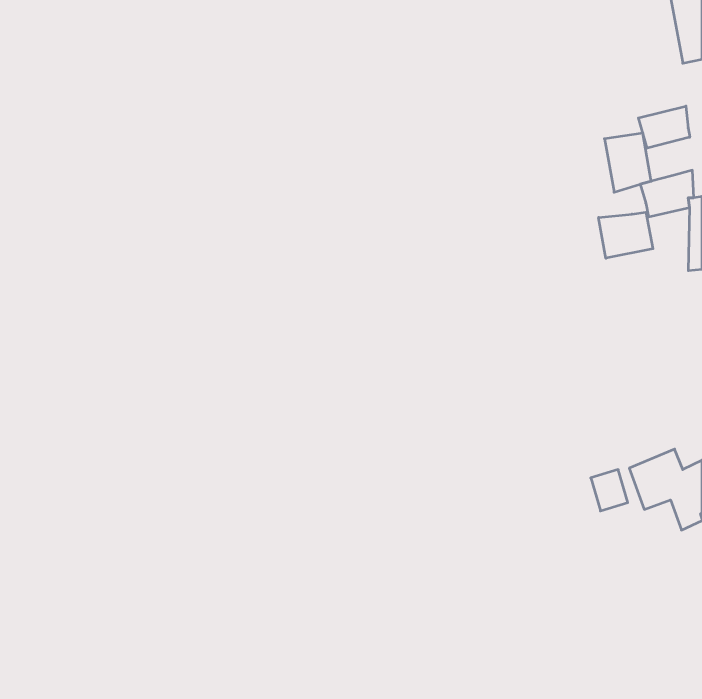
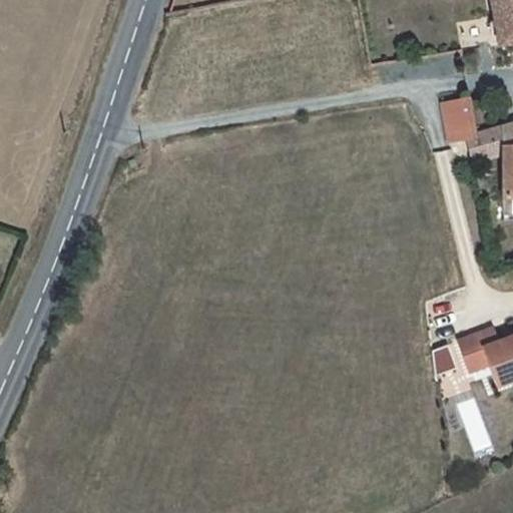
building: [638,106,690,148] -> none
building: [599,212,653,258] -> none

